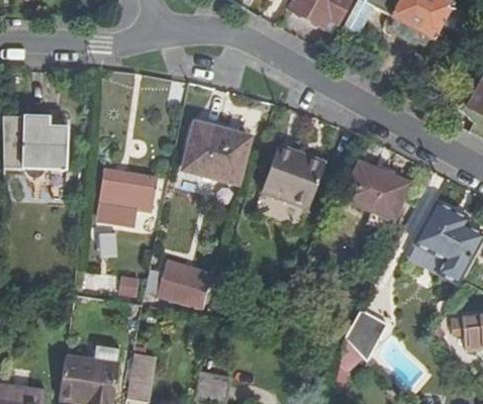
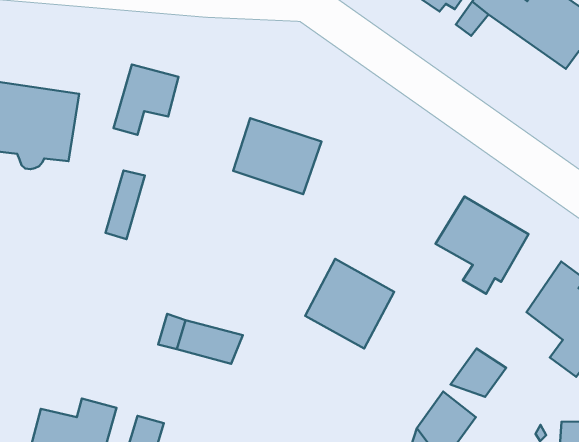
building: [262,143,325,207] -> [305,259,394,349]
building: [114,174,158,225] -> [113,64,178,135]
building: none -> [451,348,506,397]

